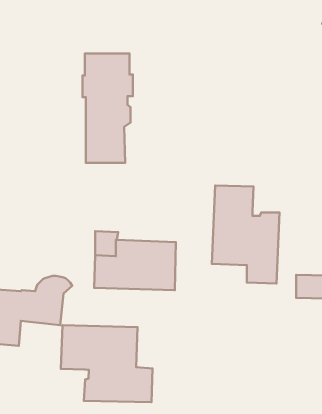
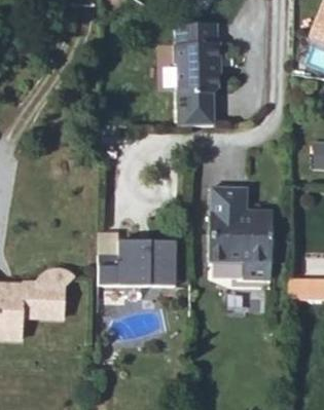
building: [83,54,133,163] -> [174,24,221,126]
building: [61,325,153,402] -> none

